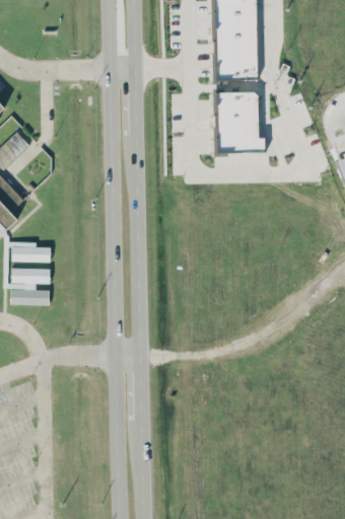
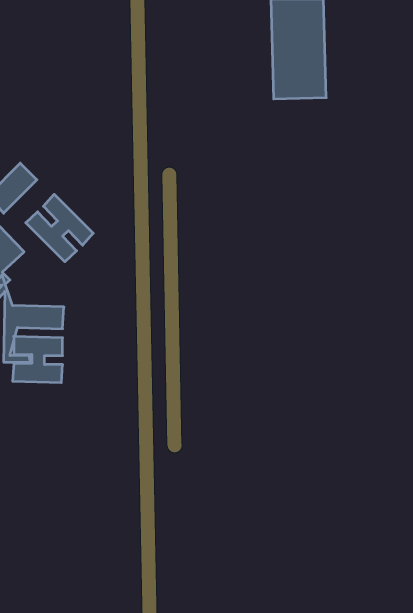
building: [216,90,264,152] -> none
building: none -> [26,194,93,262]

